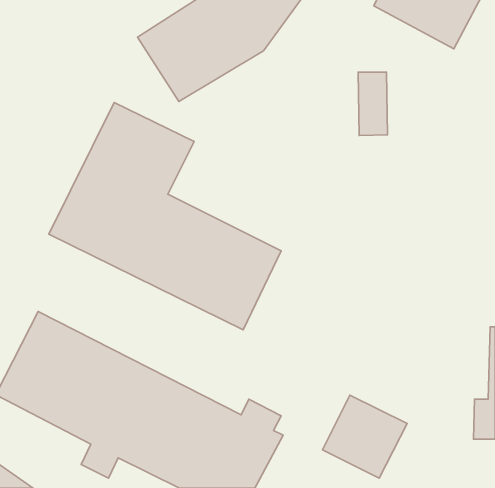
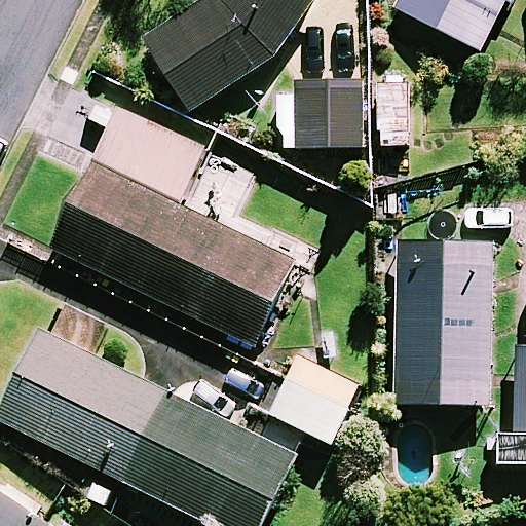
building: none -> [294,79,365,147]
building: none -> [392,237,492,406]
building: [322,395,407,478] -> [269,355,359,443]

